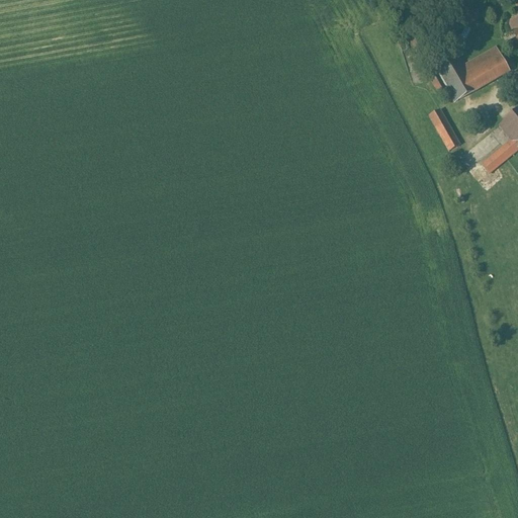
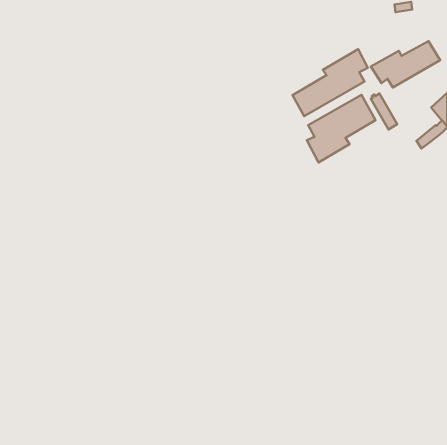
building: none -> [292,49,368,116]
building: none -> [307,95,375,162]

